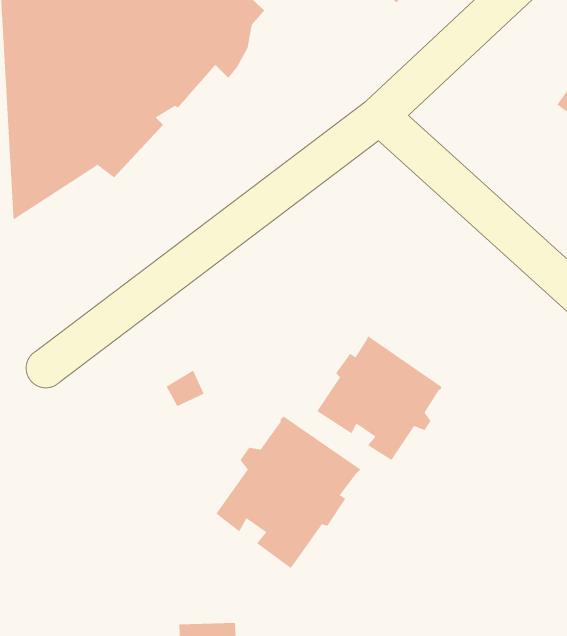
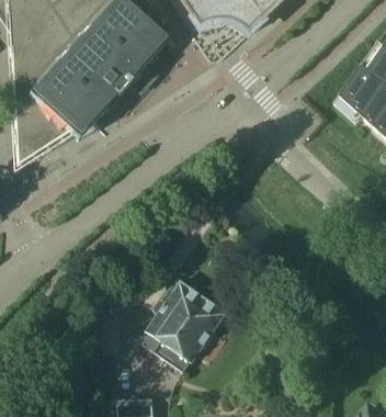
building: [316,335,442,461] -> none

